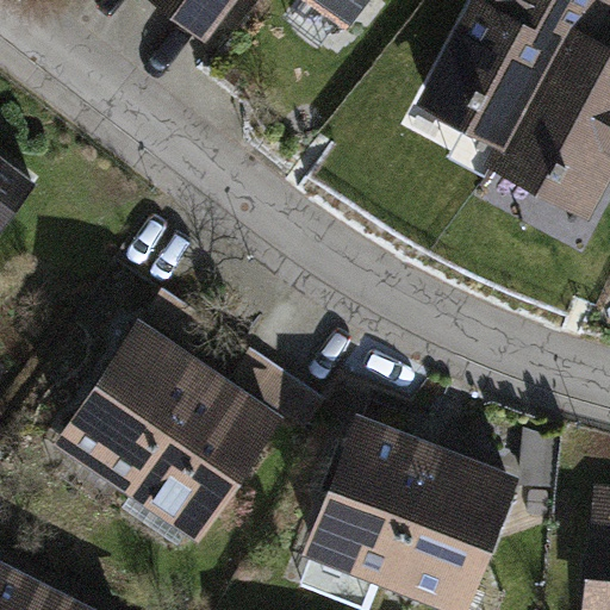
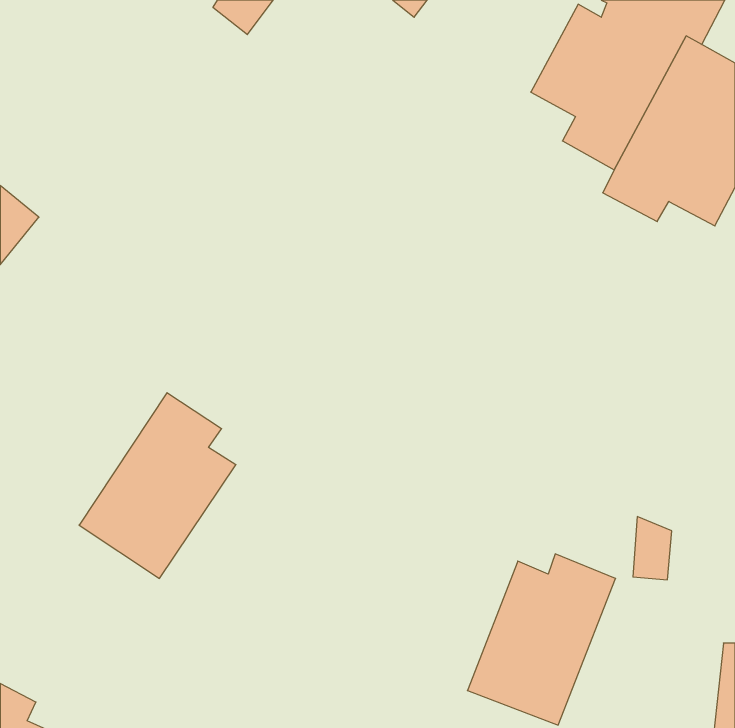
building: [132,391,272,530] -> none
building: [312,405,429,578] -> none

